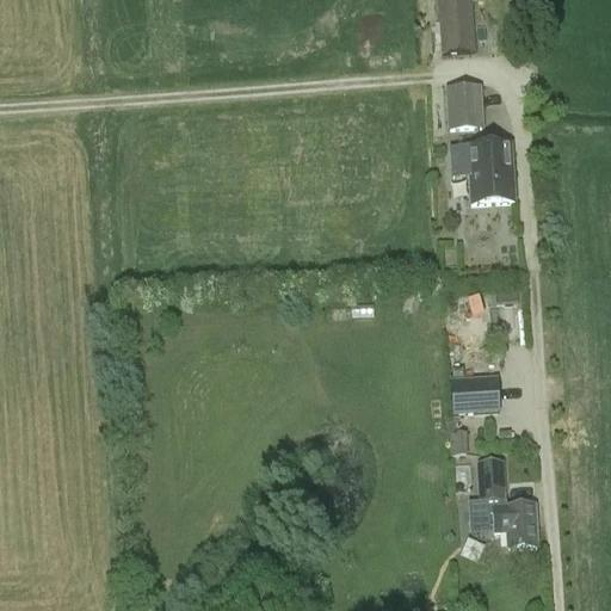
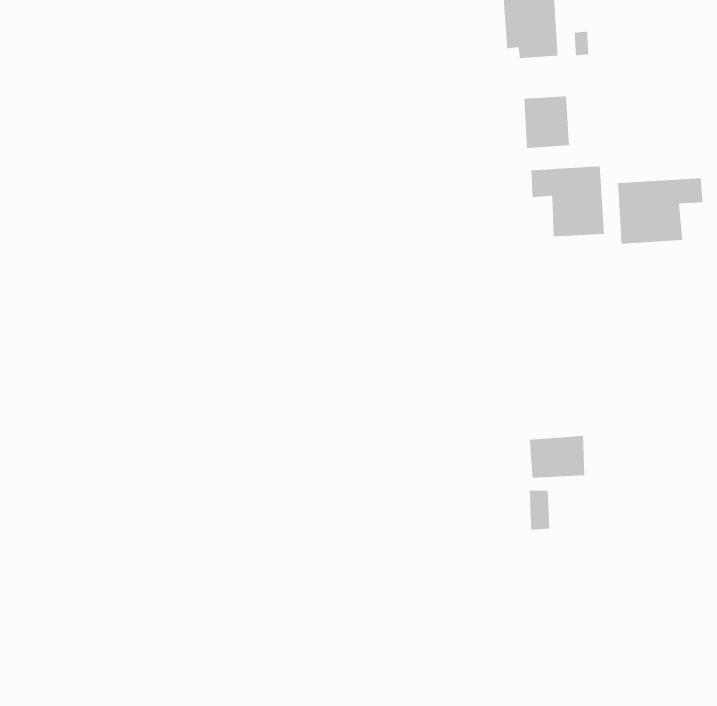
building: none -> [617,178,703,245]
building: [467,457,536,544] -> none

